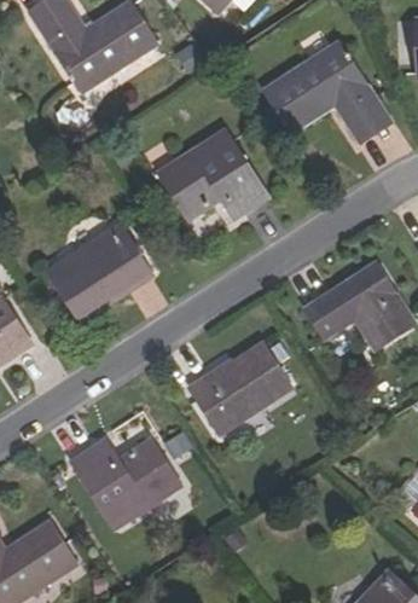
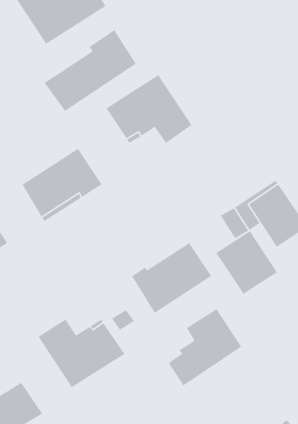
building: [263,40,389,139] -> none
building: none -> [44,29,137,112]
building: none -> [215,230,278,295]
building: none -> [168,308,242,386]

